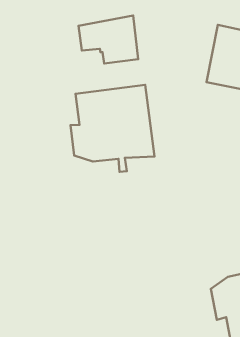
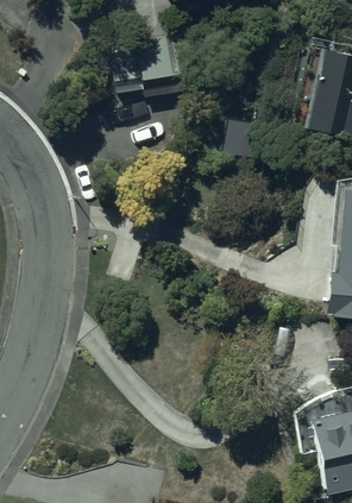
building: [70,85,155,172] -> none

